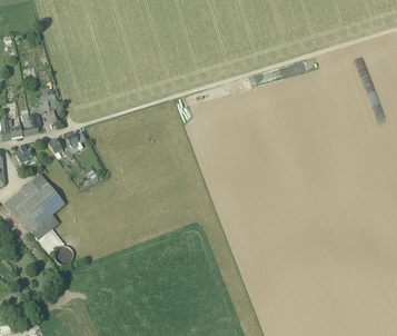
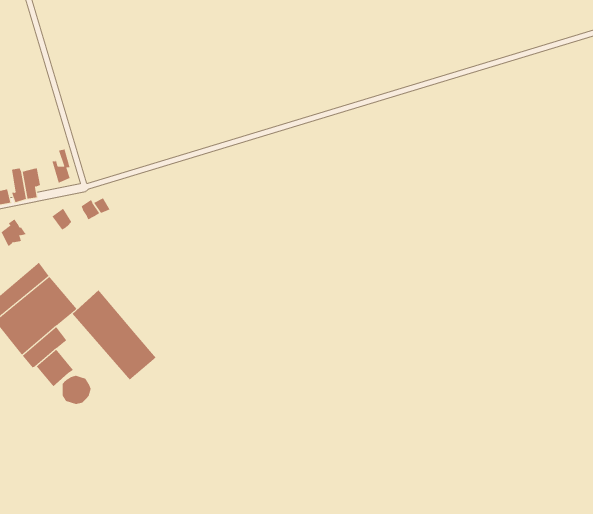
building: none -> [72,290,157,381]

